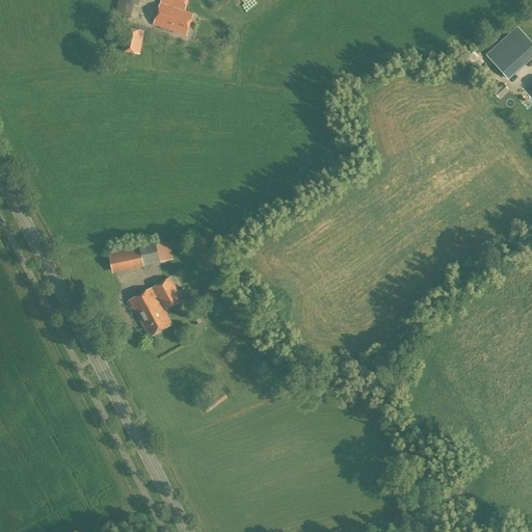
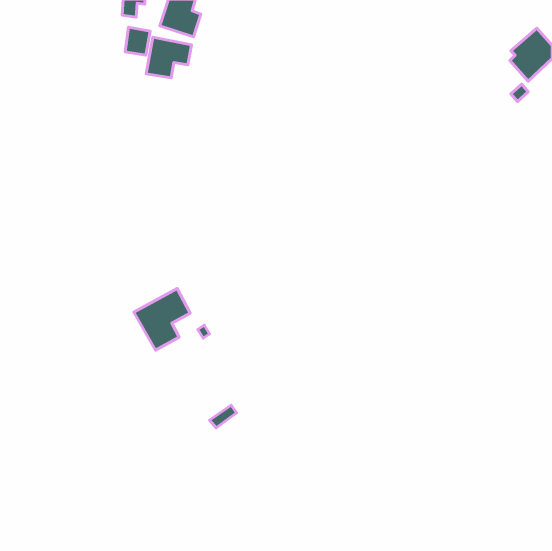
building: none -> [146,37,191,78]
building: [108,242,159,271] -> none

